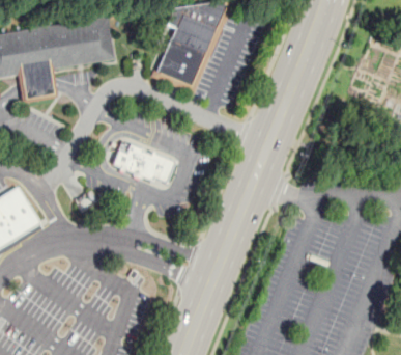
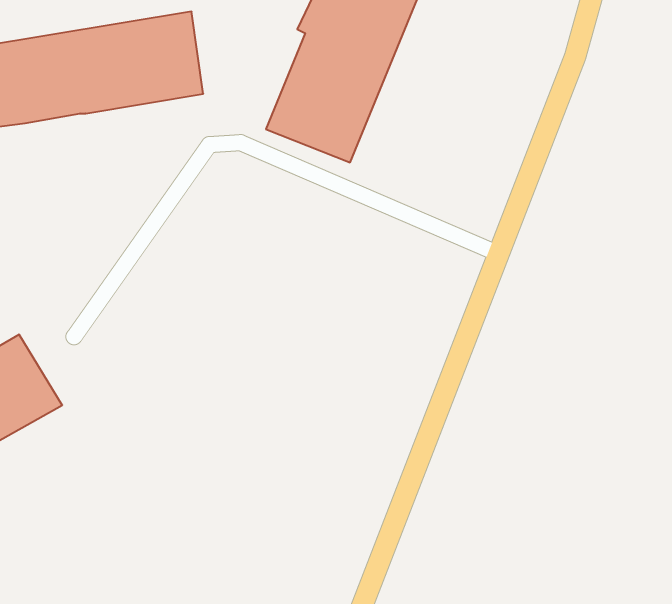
building: [22,70,56,101] -> none
building: [112,142,175,183] -> none

